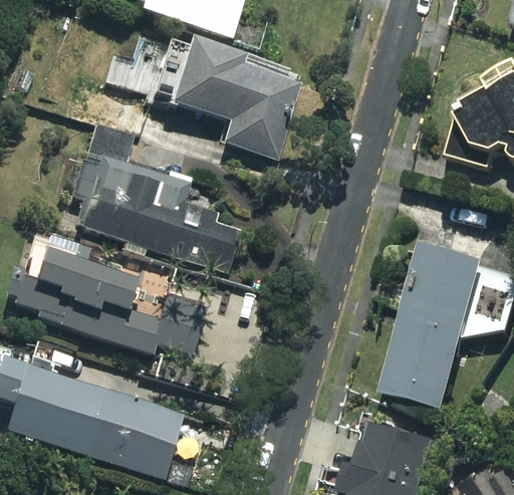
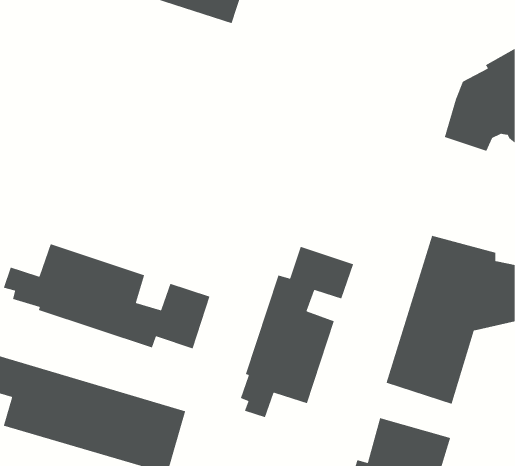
building: [172,35,298,155] -> none
building: [70,119,241,271] -> none
building: none -> [240,246,354,418]

